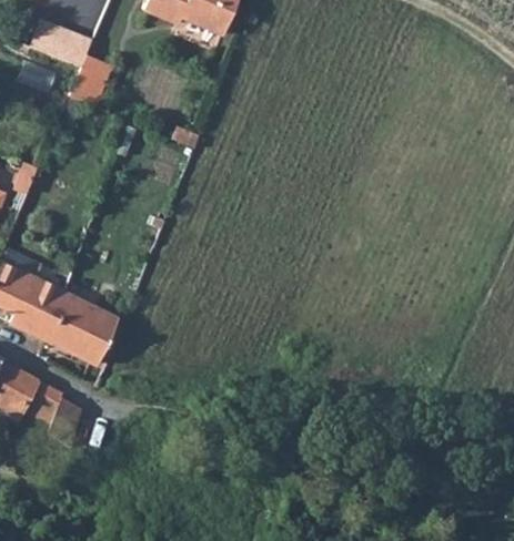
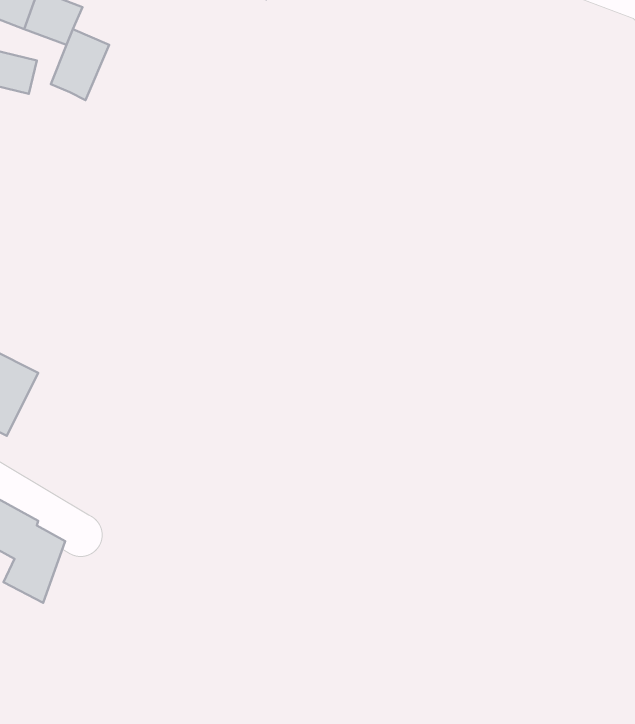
building: [42,292,117,363] -> none

